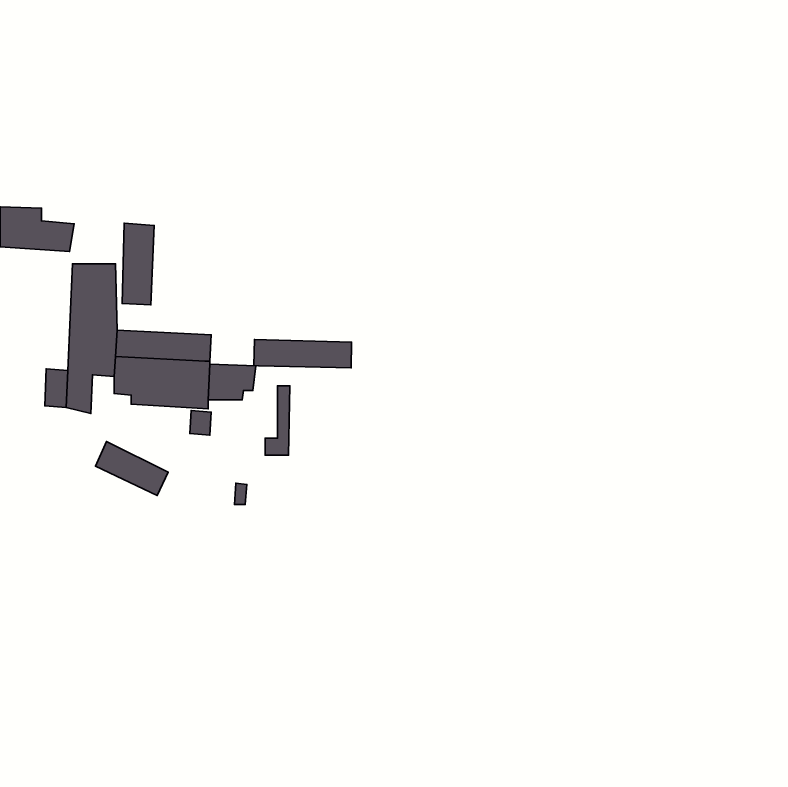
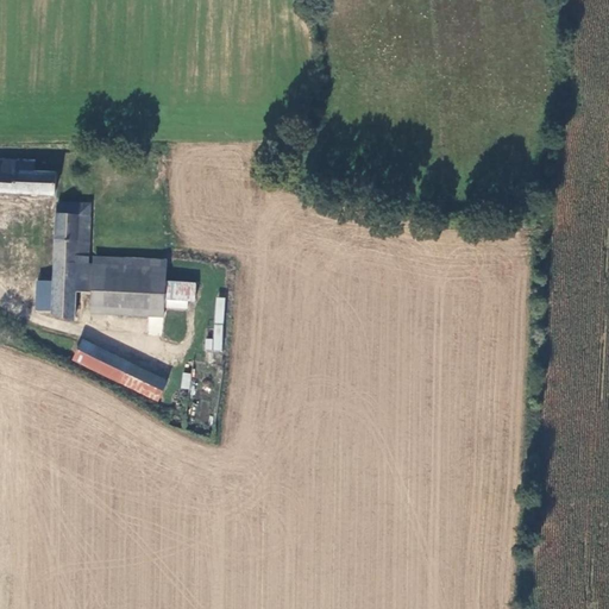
building: [122,223,154,305] -> none
building: [254,340,351,368] -> none
building: none -> [121,365,167,401]

